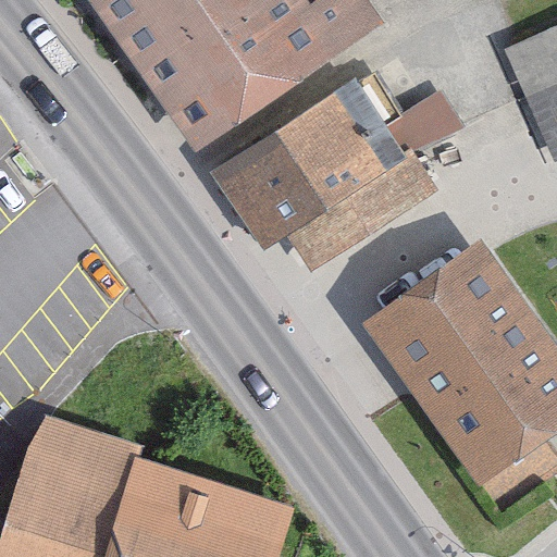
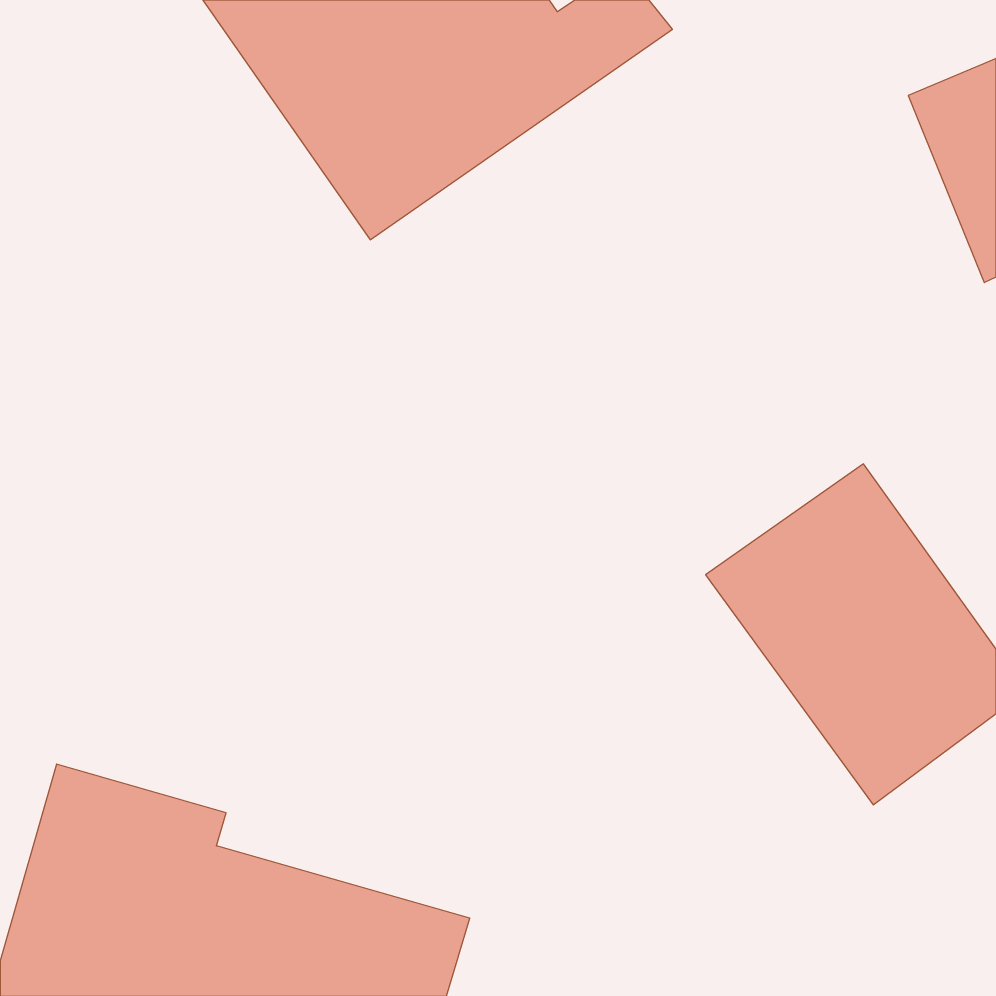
building: [221,85,441,258] -> none

